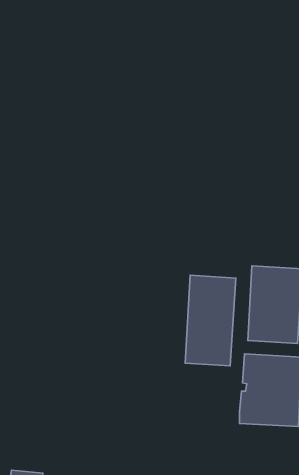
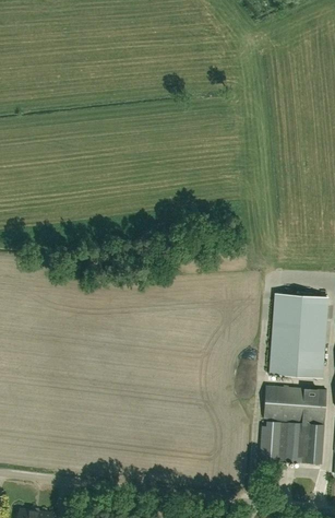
building: [185,275,236,366] -> none

